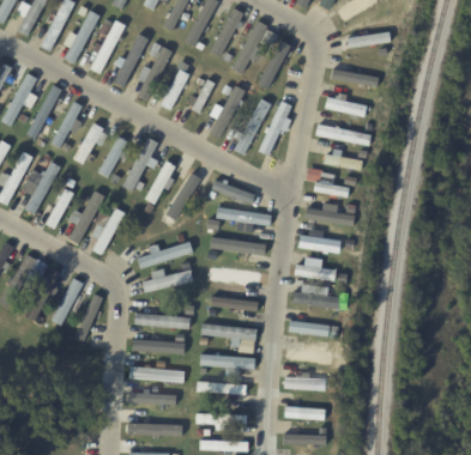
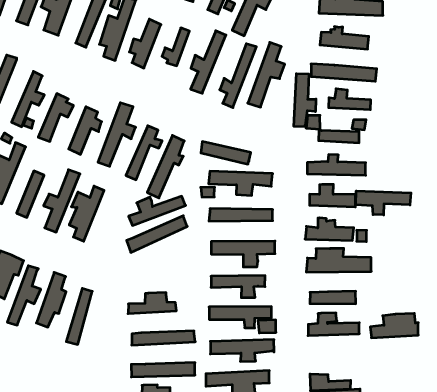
building: none -> [294,74,316,127]
building: none -> [356,191,411,215]
building: [143,268,193,291] -> [129,196,186,225]
building: [283,369,325,389] -> [370,313,418,338]

